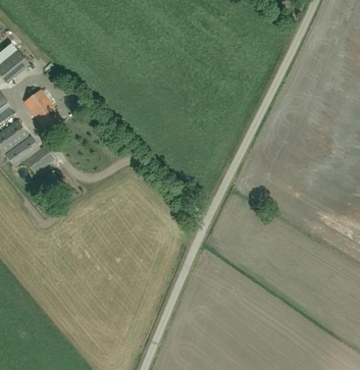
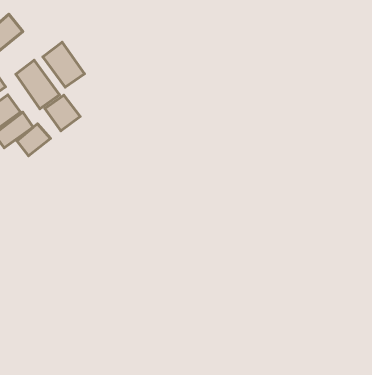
building: none -> [43,42,84,87]
building: none -> [45,95,80,131]

